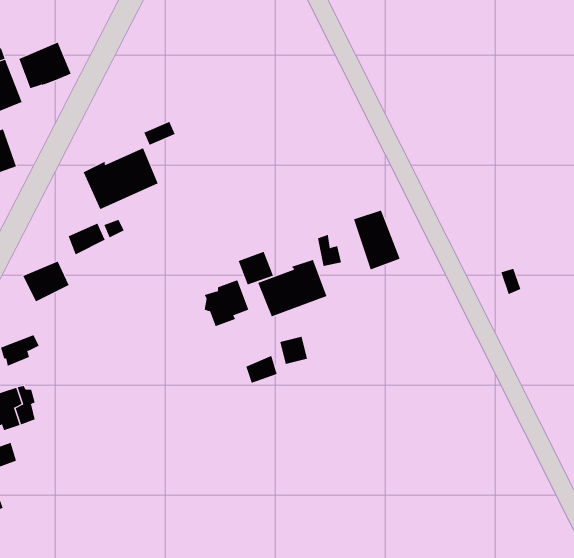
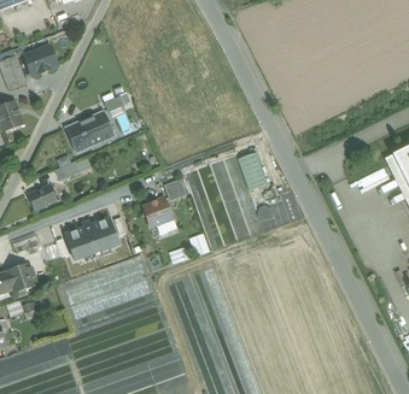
building: [258,259,327,317] -> none
building: none -> [64,218,117,259]

